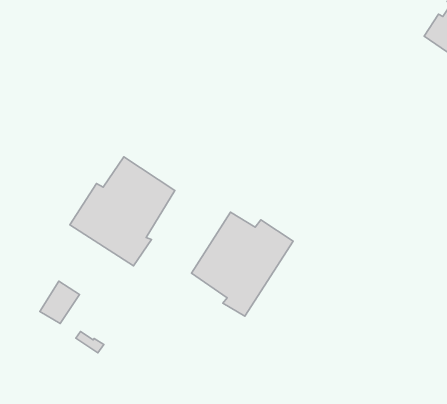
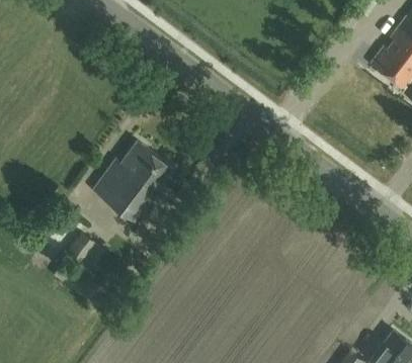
building: [192,212,293,316] -> none

